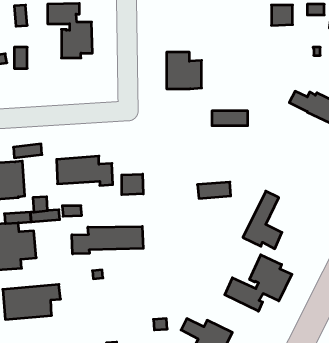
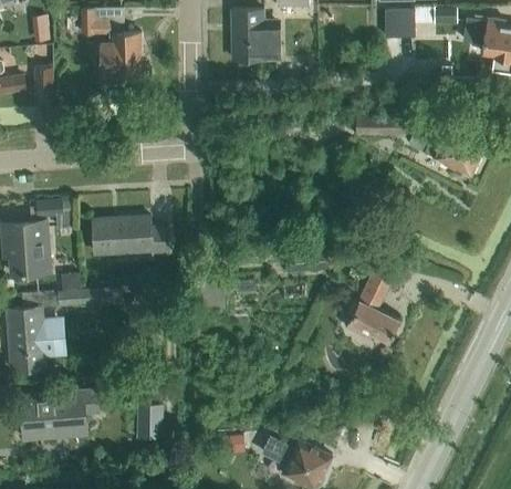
building: [167,52,202,89] -> [232,10,280,60]
building: [212,111,248,126] -> [356,114,405,134]
building: [122,174,143,195] -> none
building: [72,226,143,254] -> none
building: [225,255,292,311] -> none
building: none -> [136,406,161,440]

